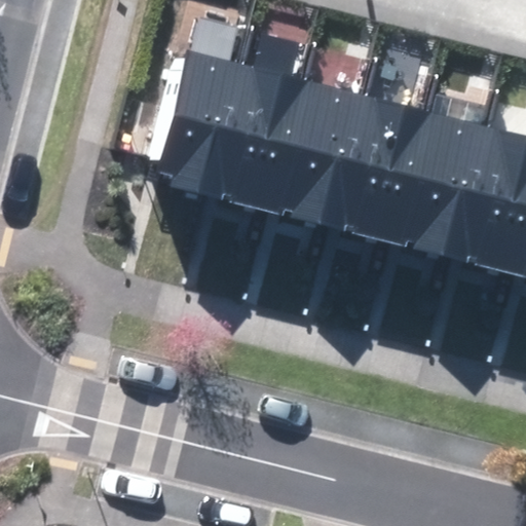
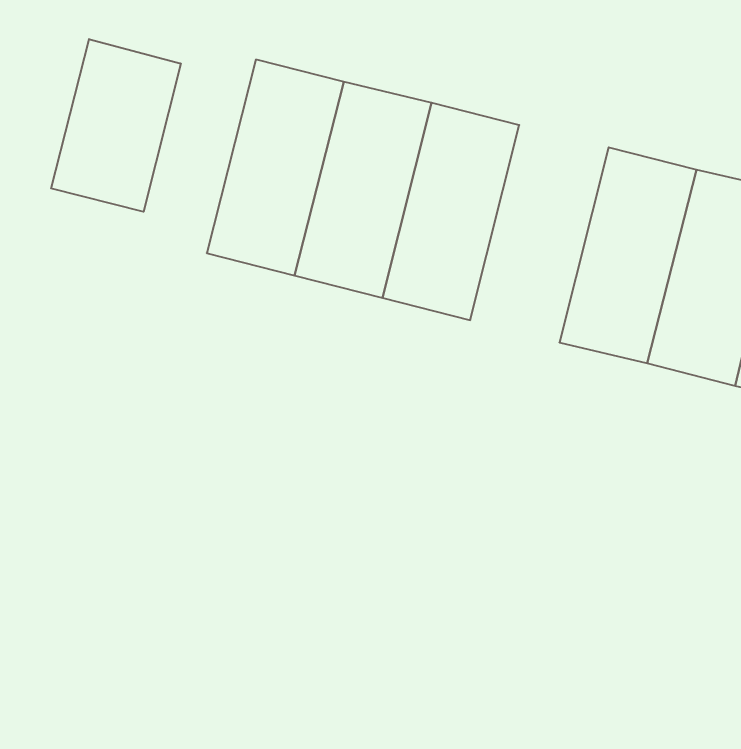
building: none -> [51,39,181,212]
building: [338,95,434,245] -> none

